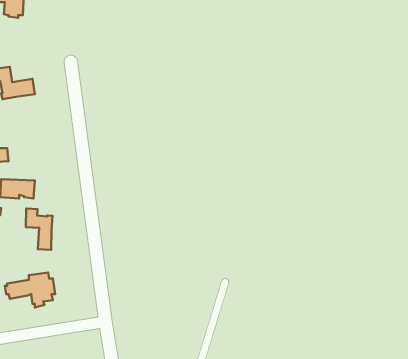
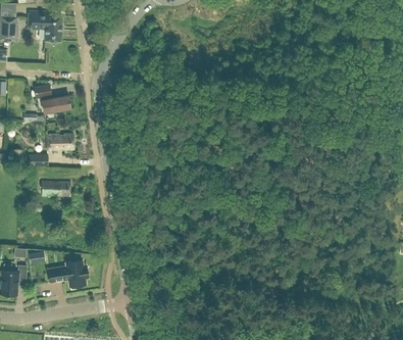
building: none -> [46,134,73,150]
building: [26,208,52,250] -> none

